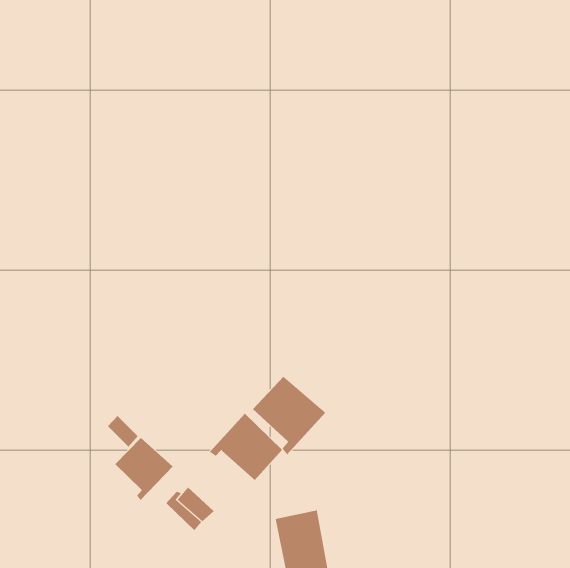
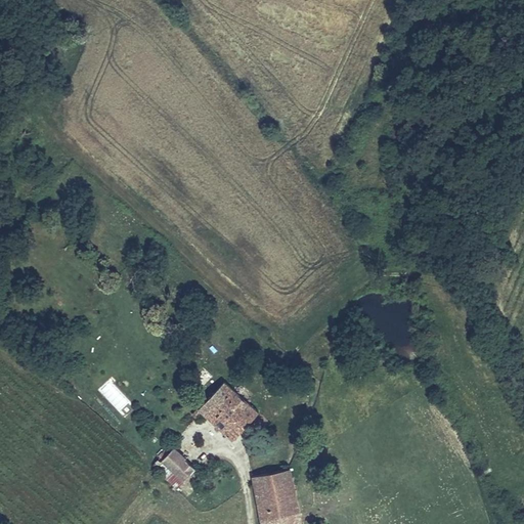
building: [252,376,326,455] -> none
building: [114,437,173,501] -> none

